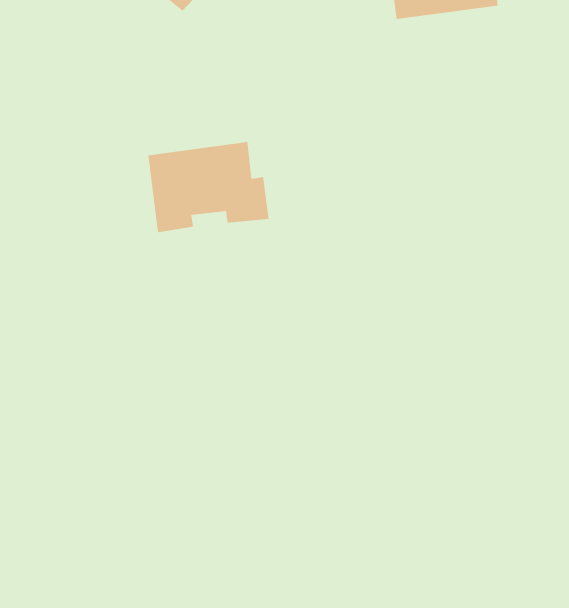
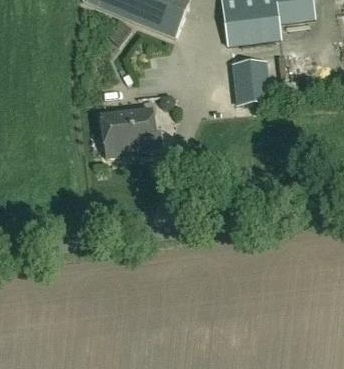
building: none -> [237,59,269,104]

